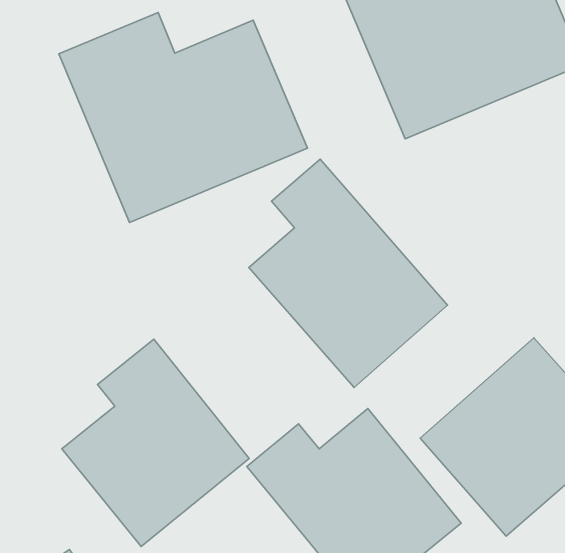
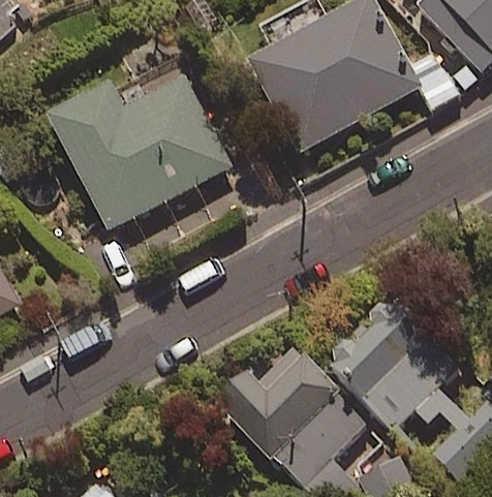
building: [249,159,447,387] -> none
building: [62,339,249,547] -> none

